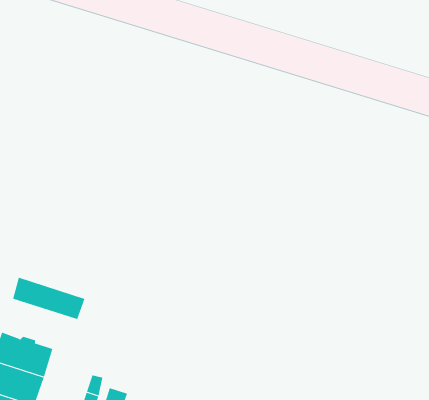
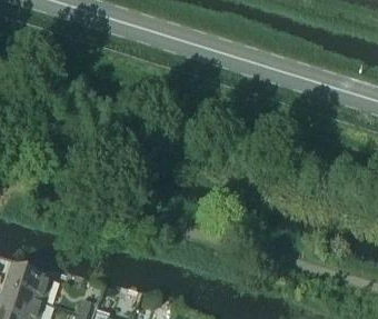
building: [12,277,85,320] -> none

